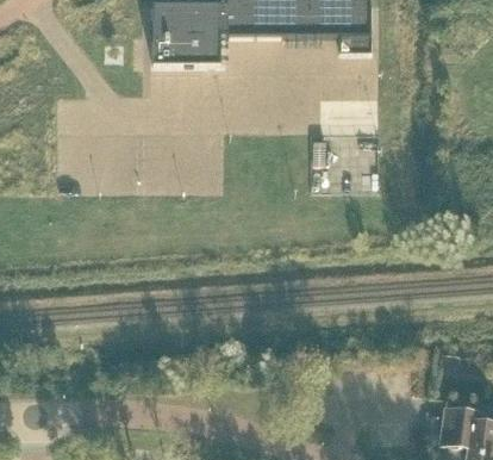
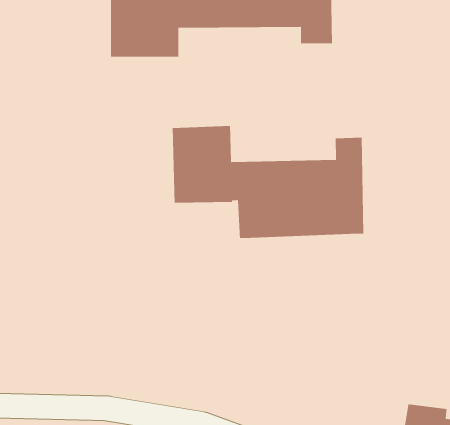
building: none -> [172,125,364,239]

